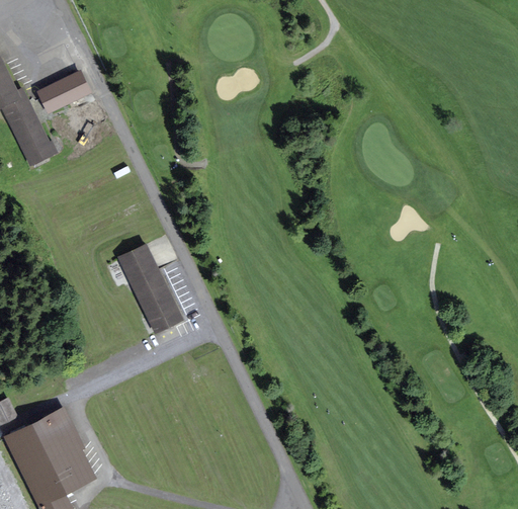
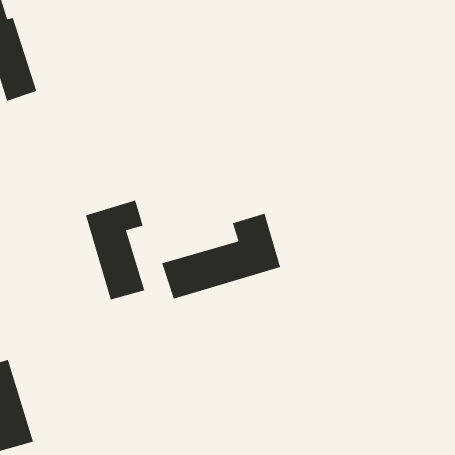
building: [34,69,89,112] -> none
building: none -> [161,213,281,300]

